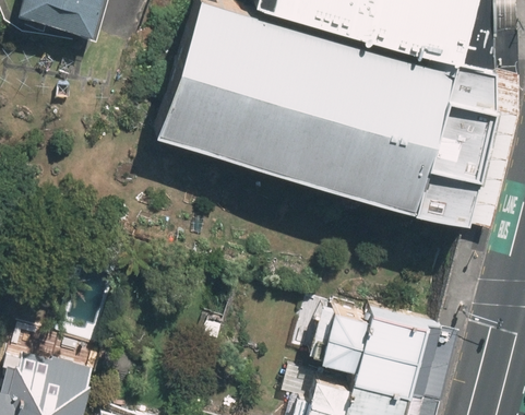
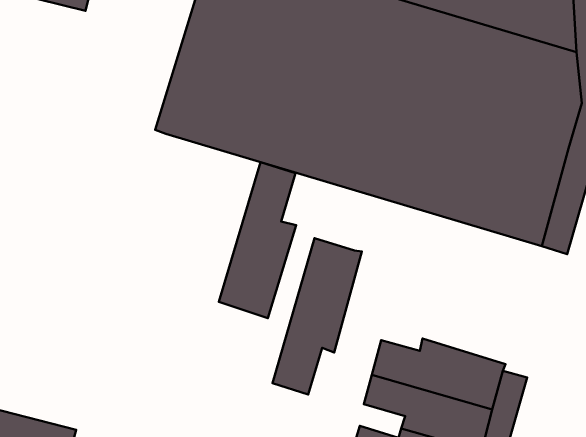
building: none -> [219,162,296,318]
building: none -> [273,238,362,394]

